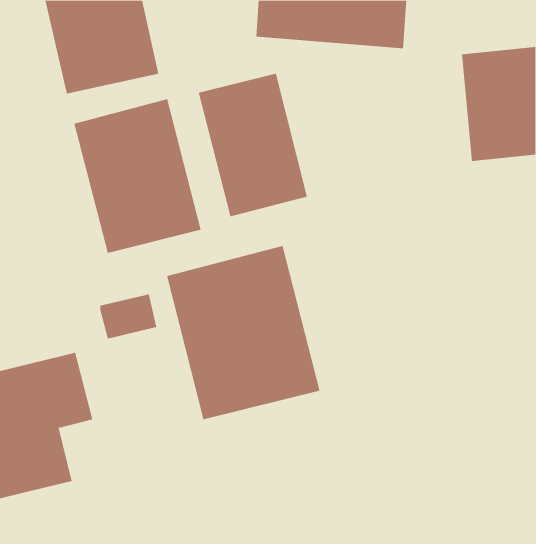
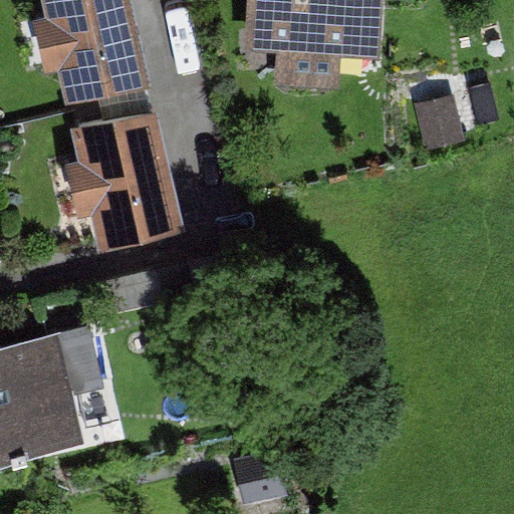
building: [198,73,308,217] -> none
building: [167,245,320,420] -> none

